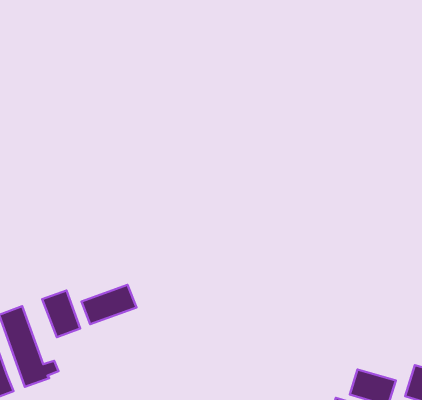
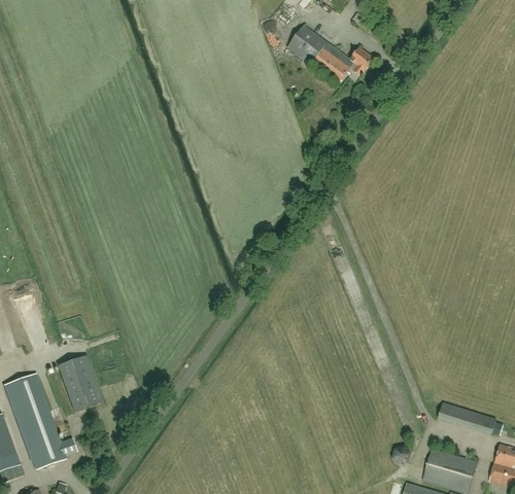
building: none -> [287,25,373,84]
building: [81,285,136,324] -> none
building: none -> [438,402,494,433]

